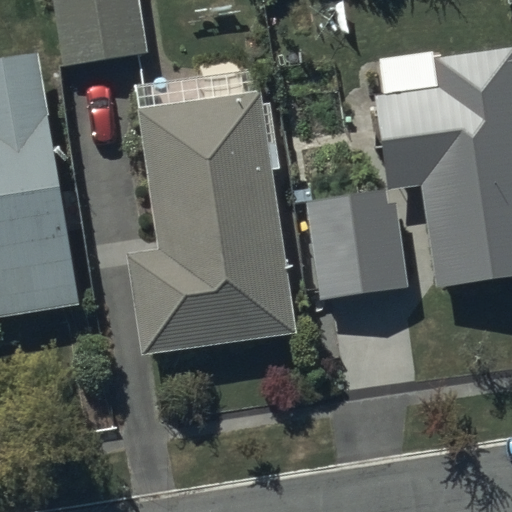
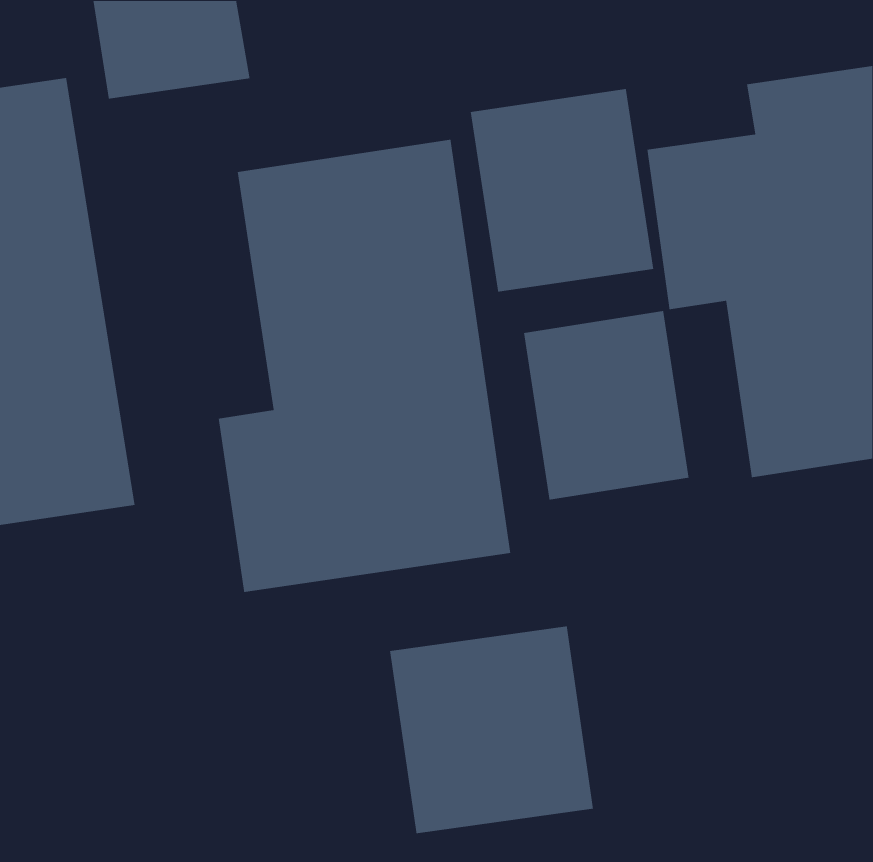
building: none -> [470,88,654,293]
building: none -> [389,626,594,834]

